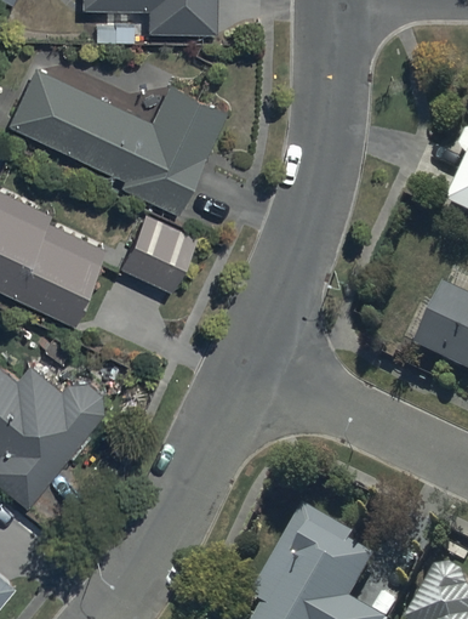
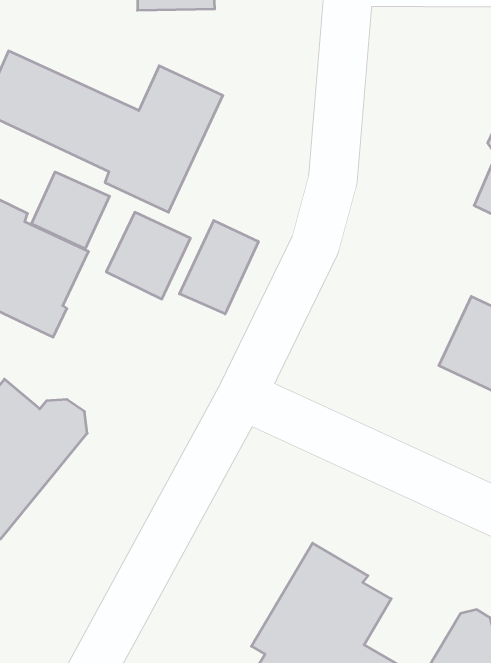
building: none -> [32,172,110,249]
building: none -> [179,220,258,314]

